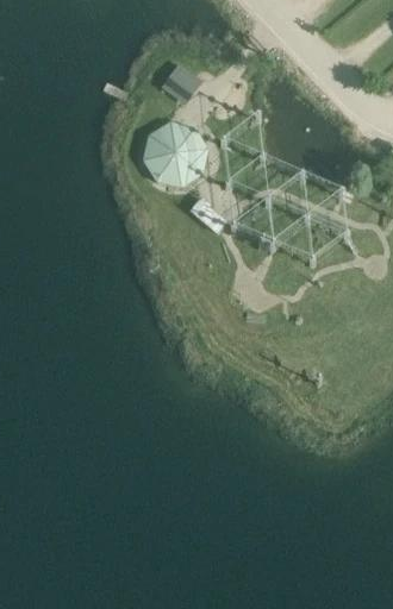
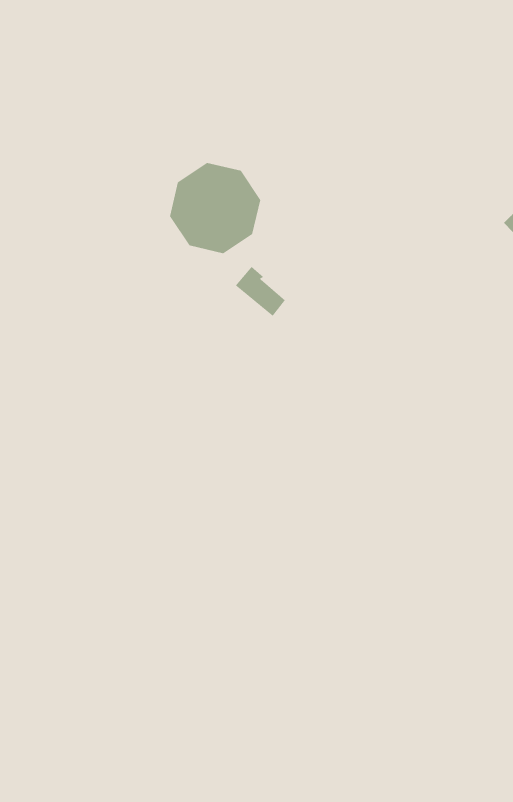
building: [161,64,201,106] -> none

